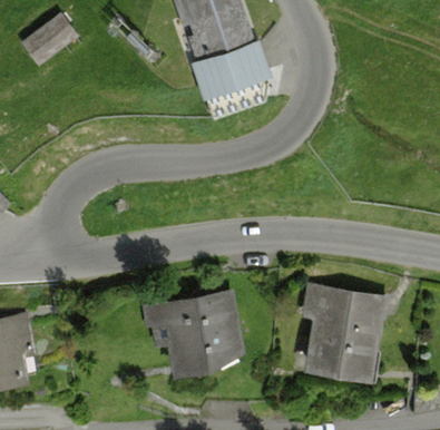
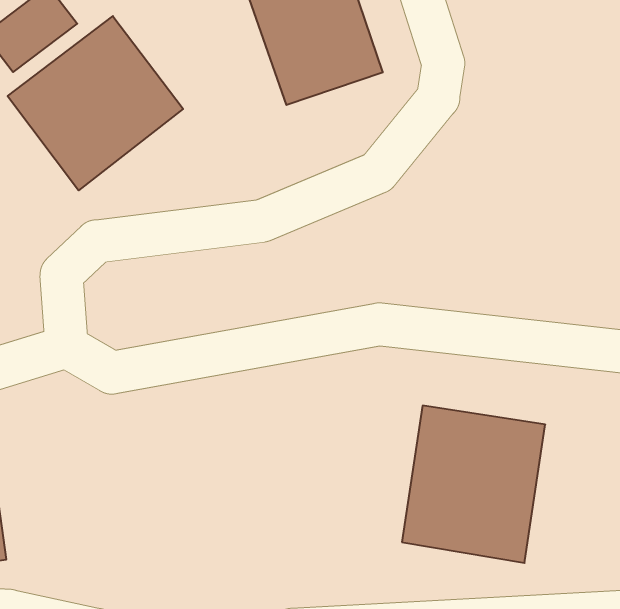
building: none -> [8,16,183,190]
building: [144,292,238,369] -> none

